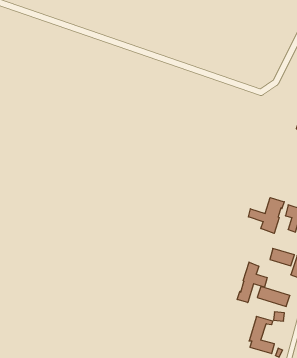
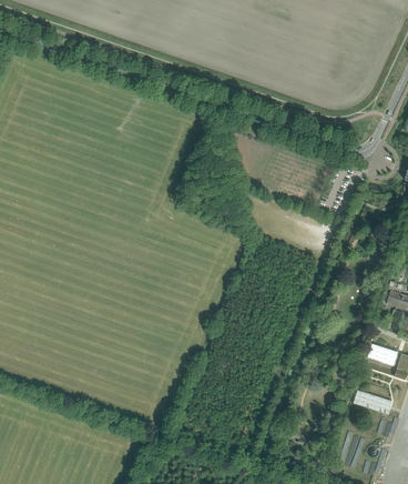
building: [248,198,284,233] -> none
building: [237,262,267,303] -> none

